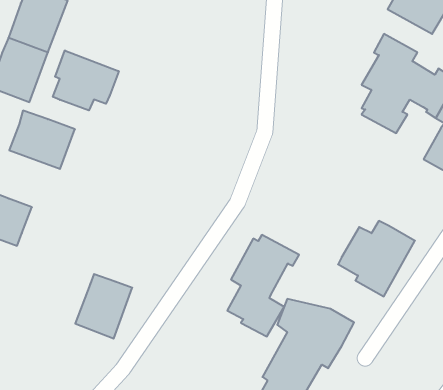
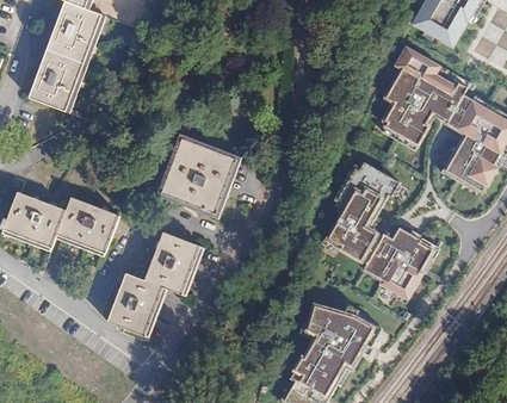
building: [53,50,119,110] -> none
building: [9,111,75,169] -> [57,199,120,255]
building: none -> [163,140,240,216]
building: none -> [147,236,203,298]
building: [227,235,299,336] -> [327,162,396,260]

